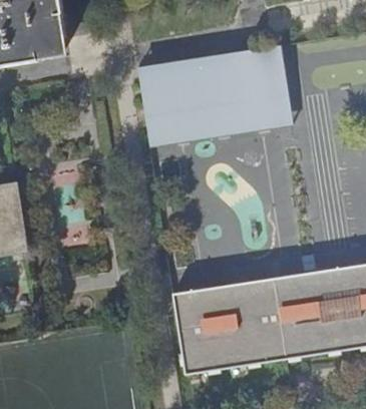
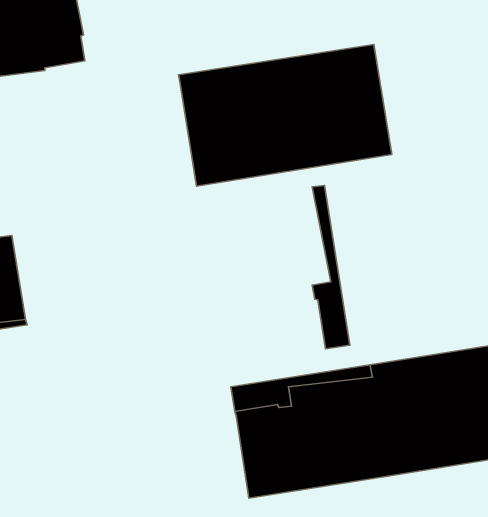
building: none -> [312,186,350,349]

